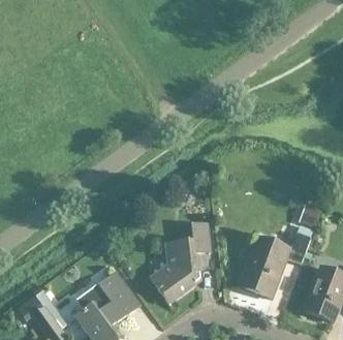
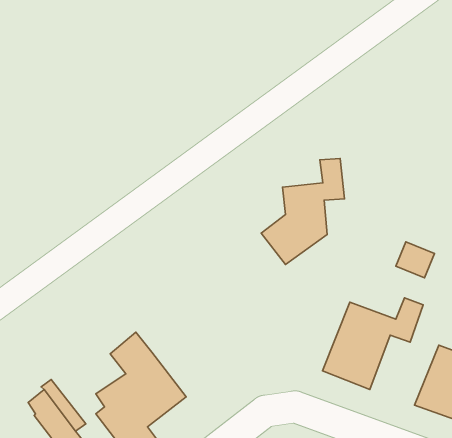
building: [149,223,209,300] -> [261,159,344,265]

